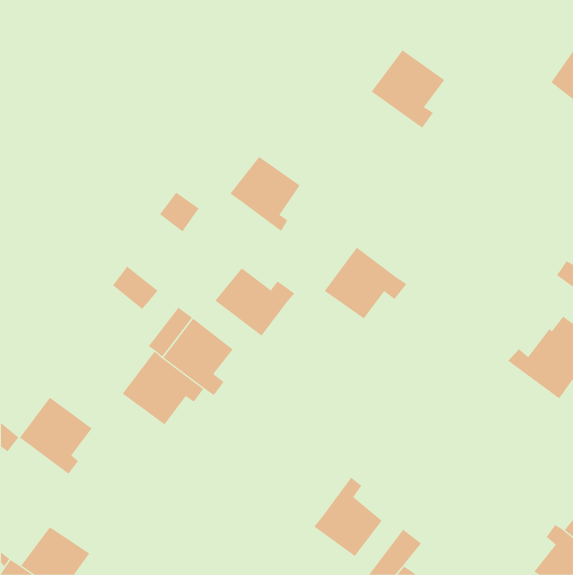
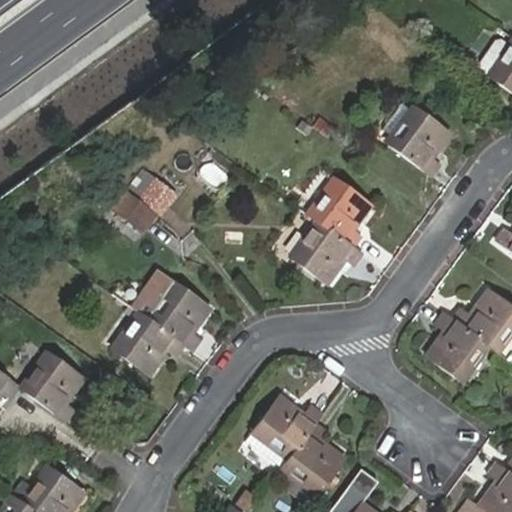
building: [371,50,445,129] -> [384,107,450,177]
building: [230,156,301,232] -> [309,179,372,246]
building: [112,266,158,310] -> [117,185,158,224]
building: [214,267,295,337] -> none
building: none -> [426,314,491,385]
building: none -> [251,396,321,458]

